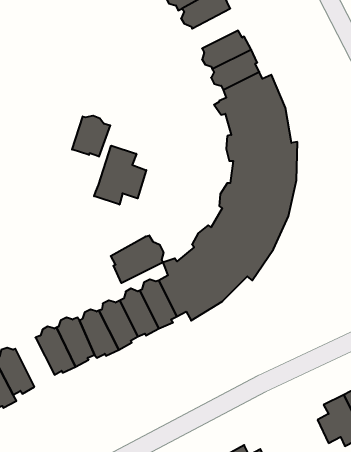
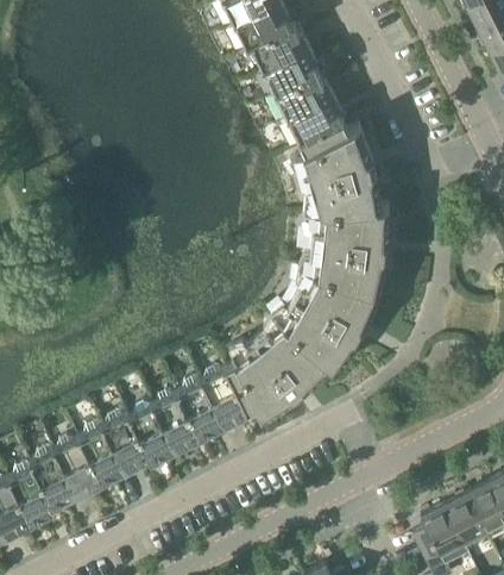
building: none -> [265,48,321,95]
building: [72,116,110,157] -> none
building: [94,146,146,205] -> none
building: [111,235,163,283] -> none
building: none -> [57,438,103,496]

